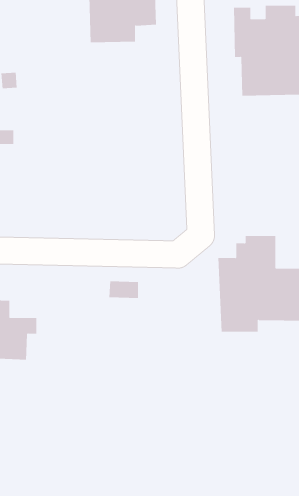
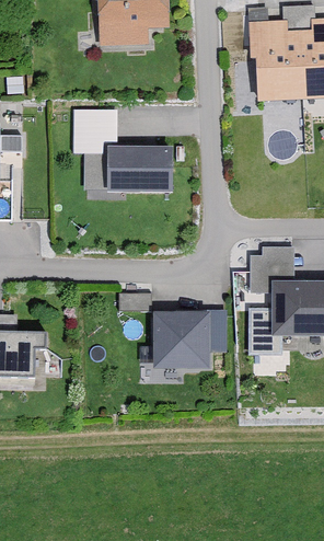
building: none -> [72,110,172,193]
building: none -> [155,311,227,369]

